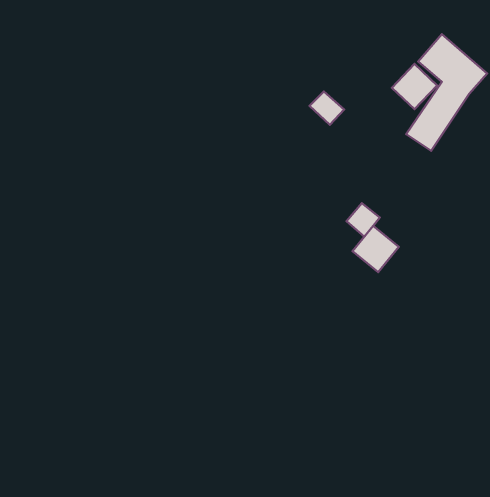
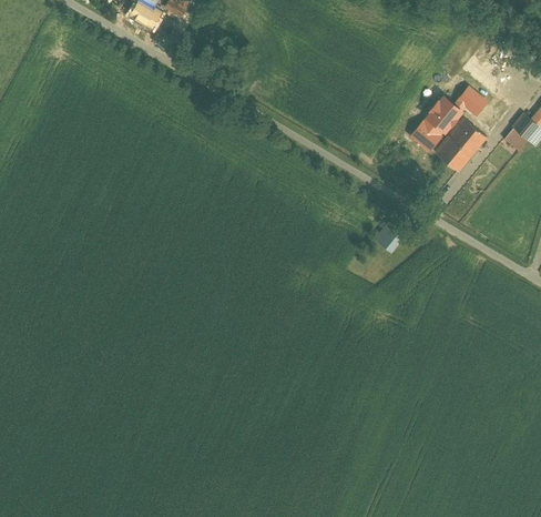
building: [310,92,344,125] -> [408,121,440,152]
building: [353,226,399,272] -> none

